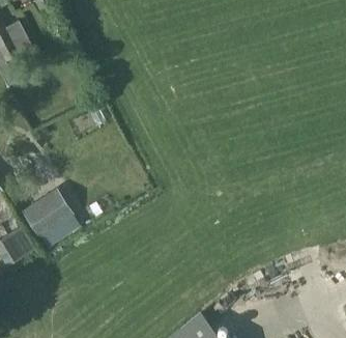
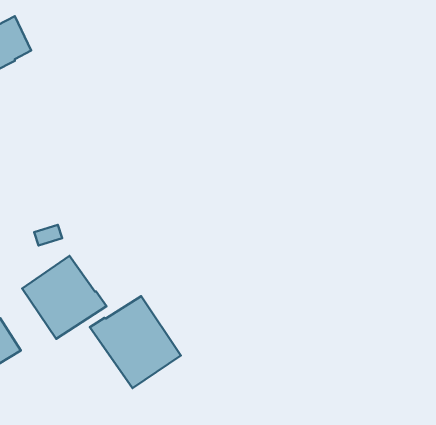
building: none -> [90,296,181,388]

